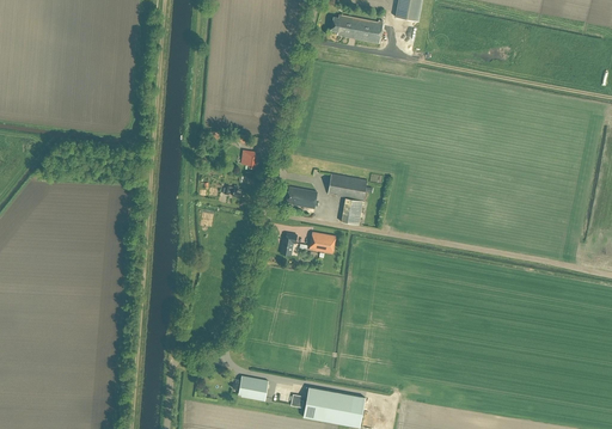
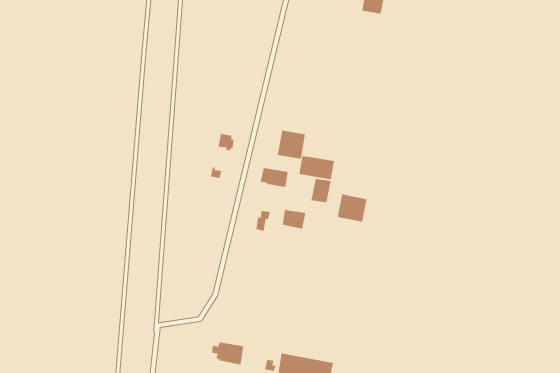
building: [331,14,384,43] -> none
building: none -> [277,130,306,159]
building: none -> [337,194,367,222]

